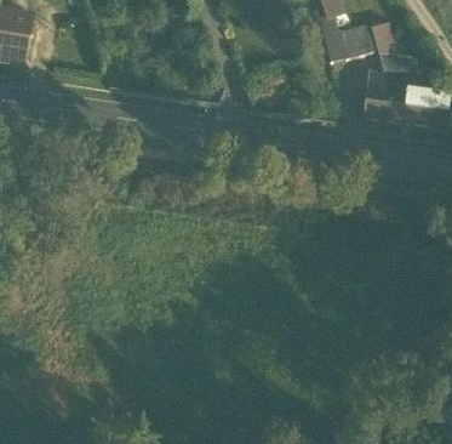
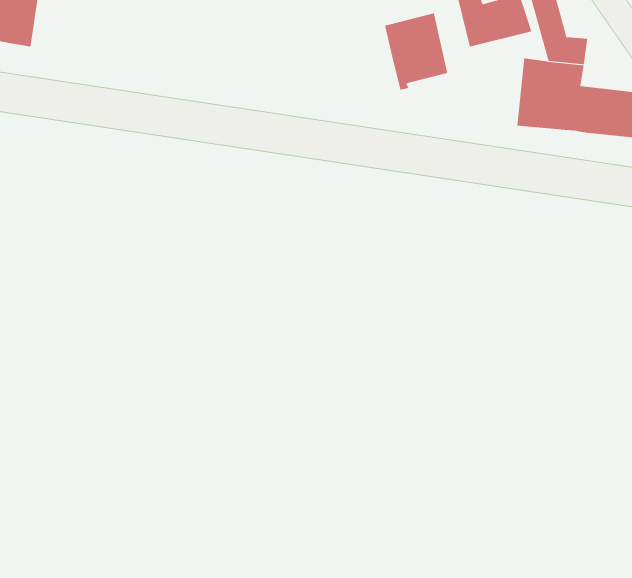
building: none -> [385,13,448,90]

